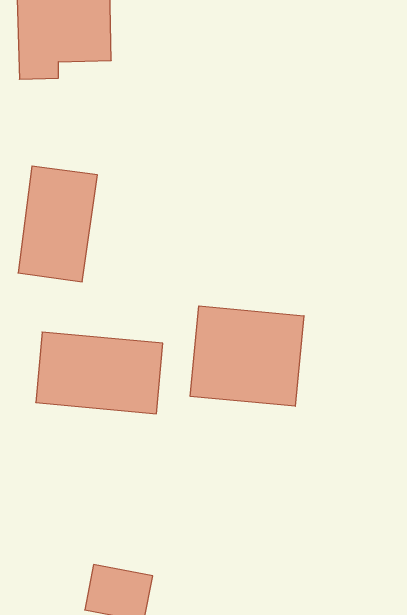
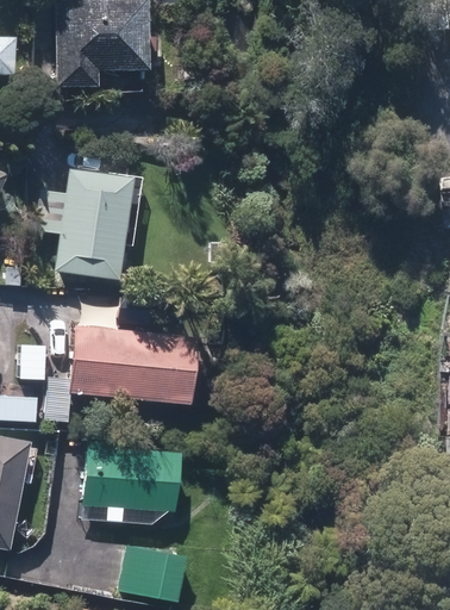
building: [190,306,304,406] -> none
building: none -> [87,446,179,510]

